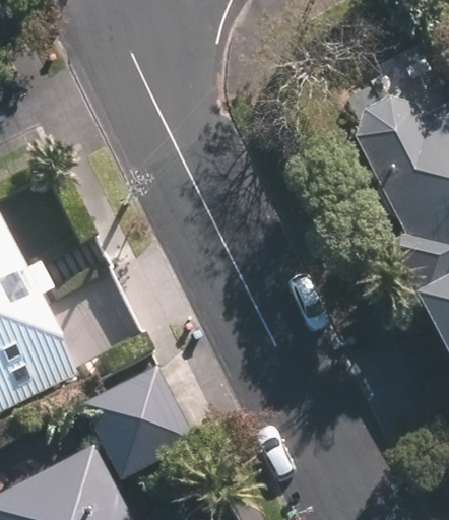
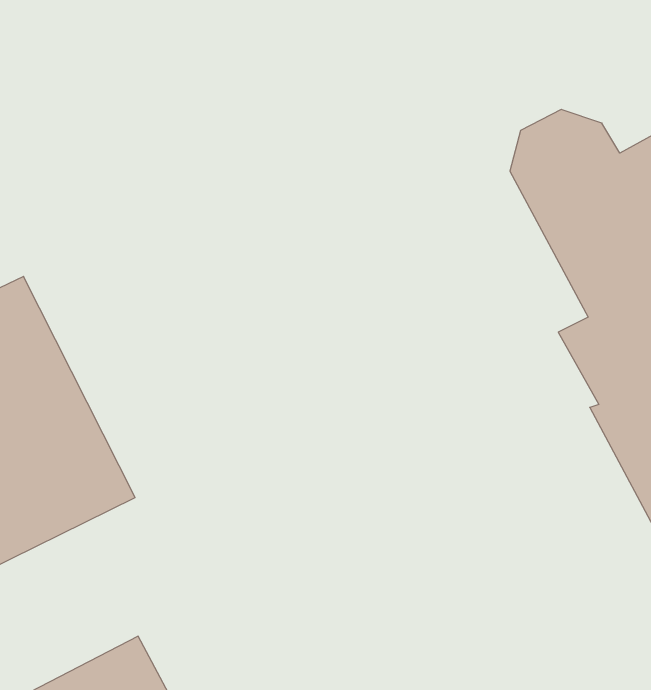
building: [80,365,197,480] -> none

